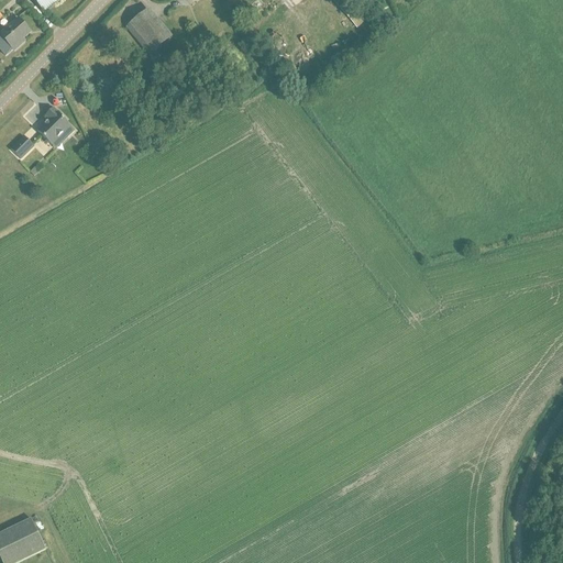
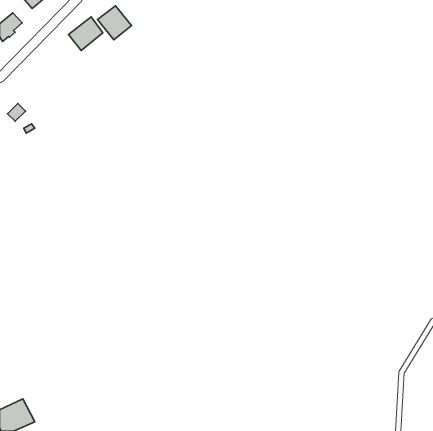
building: none -> [68,17,103,50]
building: [36,106,74,143] -> none

